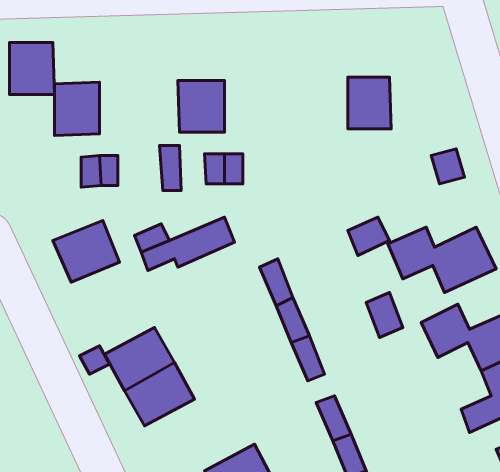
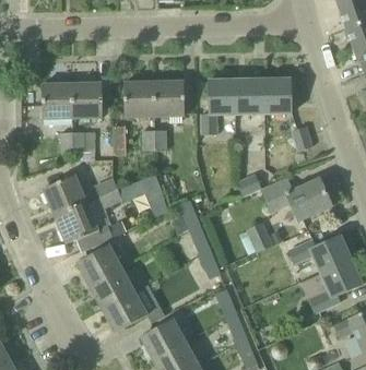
building: [10,43,55,94] -> [72,83,102,117]
building: none -> [262,79,291,114]
building: none -> [200,80,235,134]
building: none -> [154,81,184,116]
building: none -> [54,201,113,248]
building: none -> [102,290,147,332]

